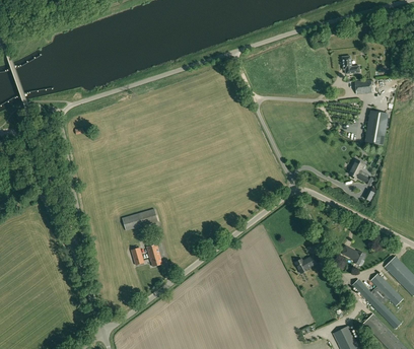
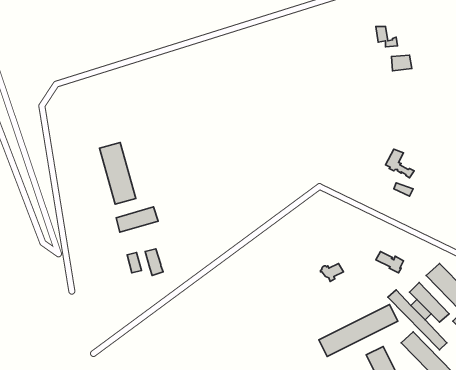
building: [364,110,388,144] -> none
building: none -> [99,142,136,204]
building: none -> [319,304,398,356]

